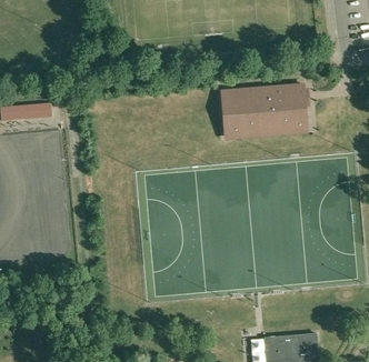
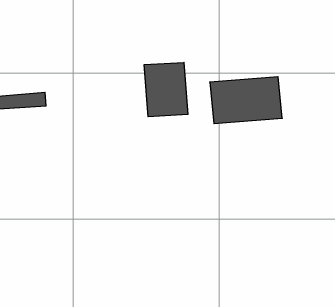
building: none -> [144,62,188,117]

